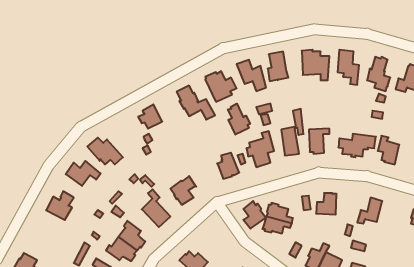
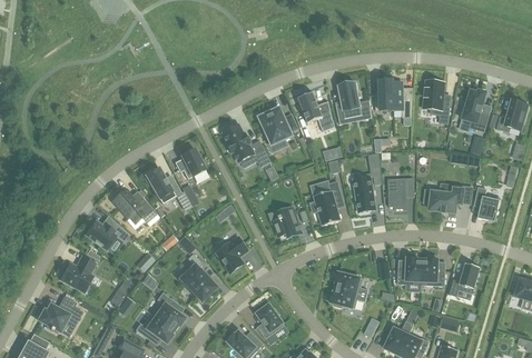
building: [228,104,250,135] -> none
building: none -> [144,167,180,203]
building: none -> [421,259,444,286]
building: [243,201,266,229] -> [256,304,284,338]
building: none -> [37,296,82,332]

